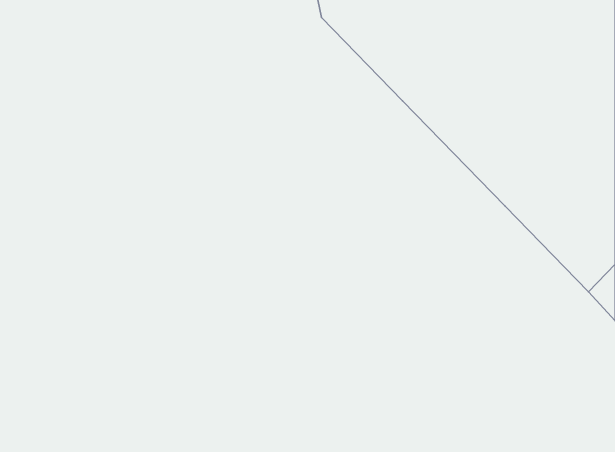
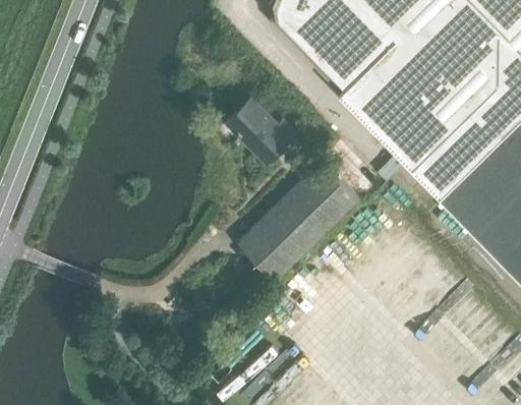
building: none -> [226,96,299,163]
building: none -> [237,159,361,281]

